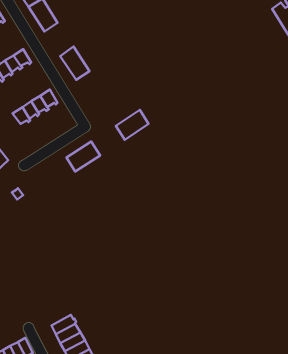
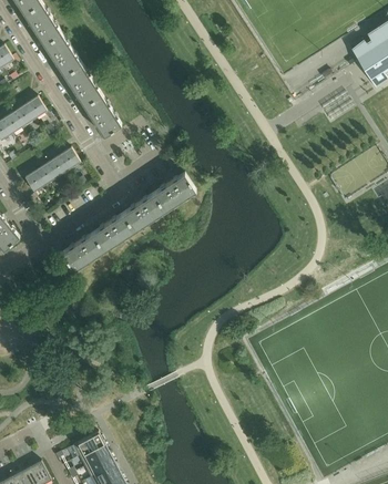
building: none -> [63,64,100,106]
building: none -> [122,194,164,231]
building: none -> [61,234,102,271]

